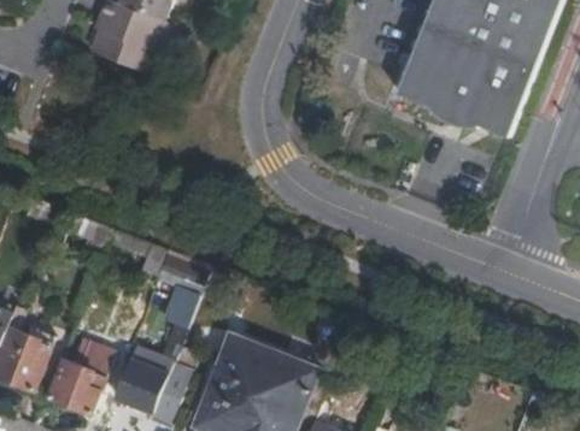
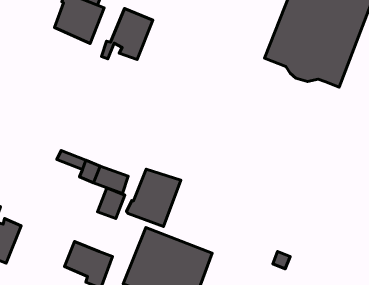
building: none -> [101,9,153,59]
building: none -> [127,169,181,227]
building: [43,350,104,412] -> none

